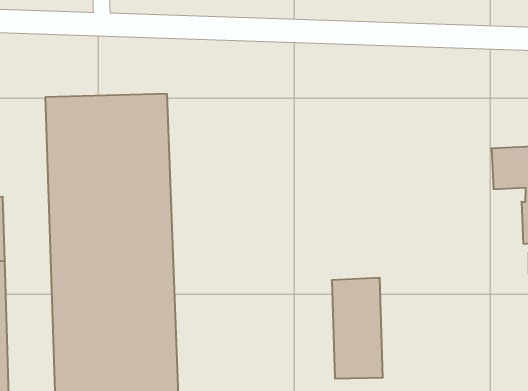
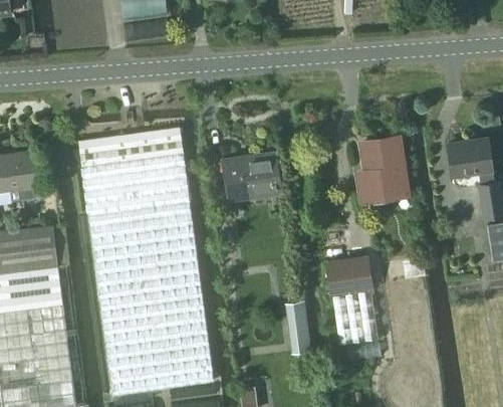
building: none -> [358,140,407,206]
building: none -> [222,153,280,201]
building: none -> [288,301,312,339]

